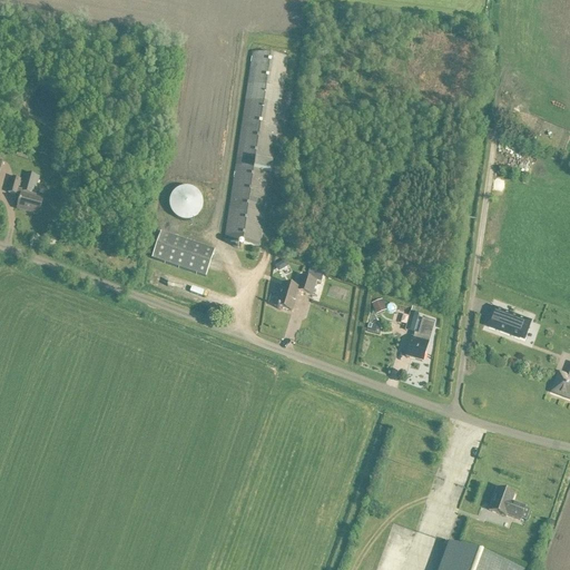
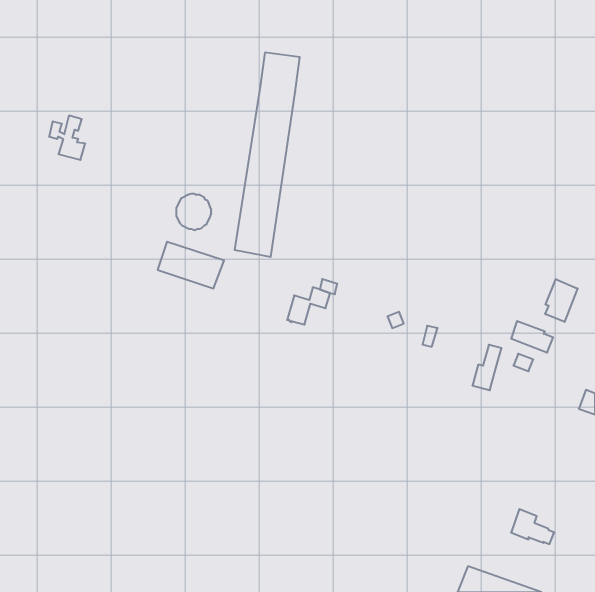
building: [7,170,41,213] -> [49,116,85,160]
building: none -> [545,279,578,322]
building: [405,316,433,360] -> [472,345,502,390]

